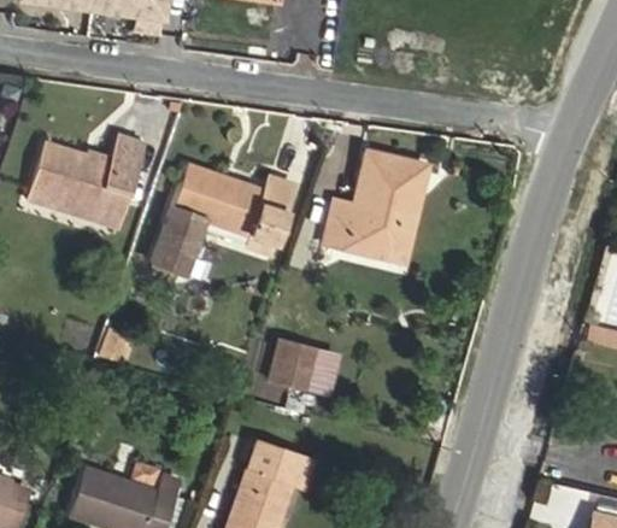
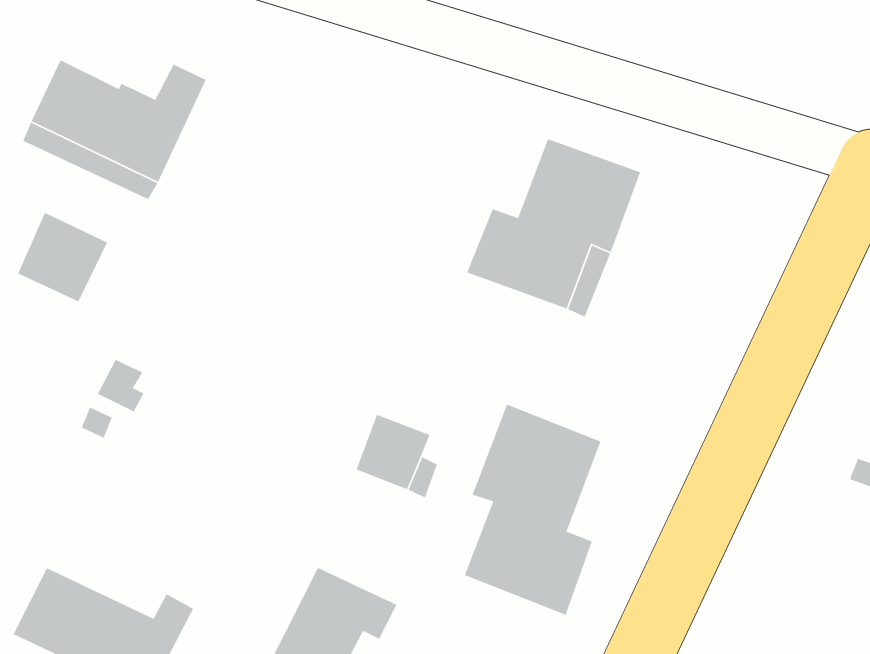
building: [154,163,294,272] -> none
building: none -> [17,212,108,302]
building: none -> [464,403,601,616]

